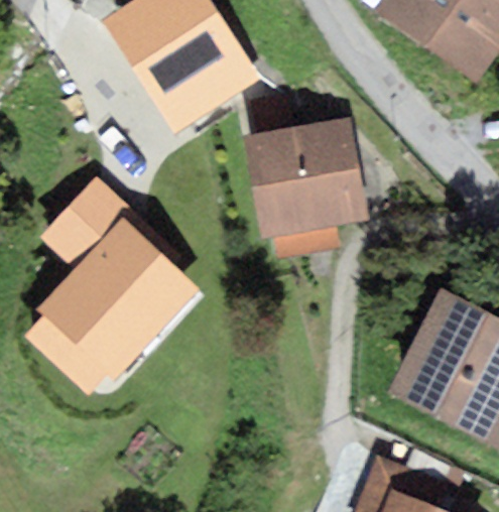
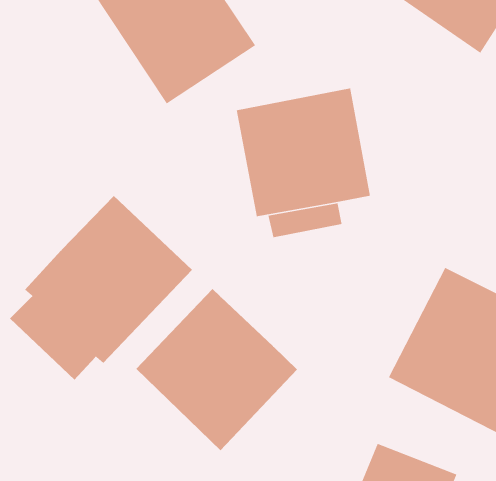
building: [37,175,131,270] -> none
building: none -> [135,288,298,451]

